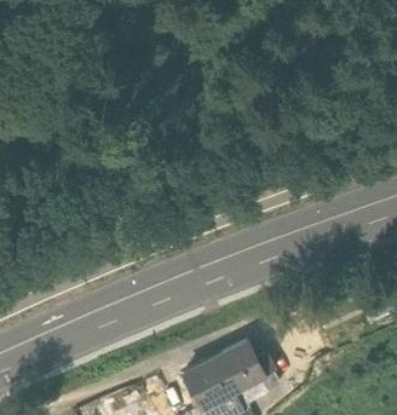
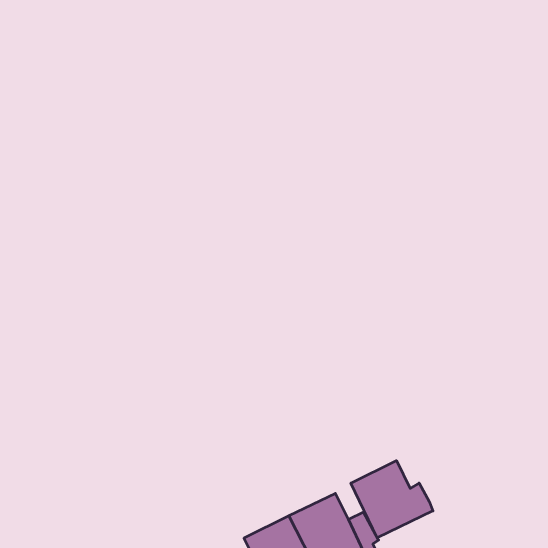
building: none -> [351,461,433,538]

